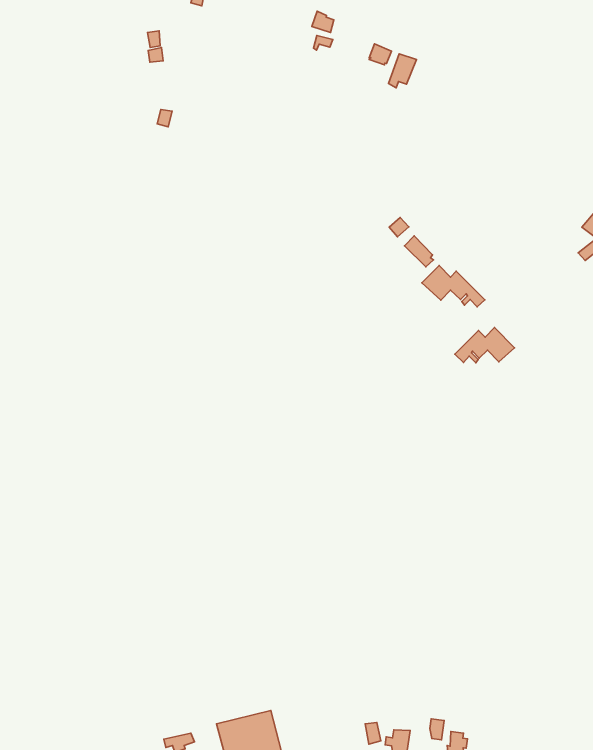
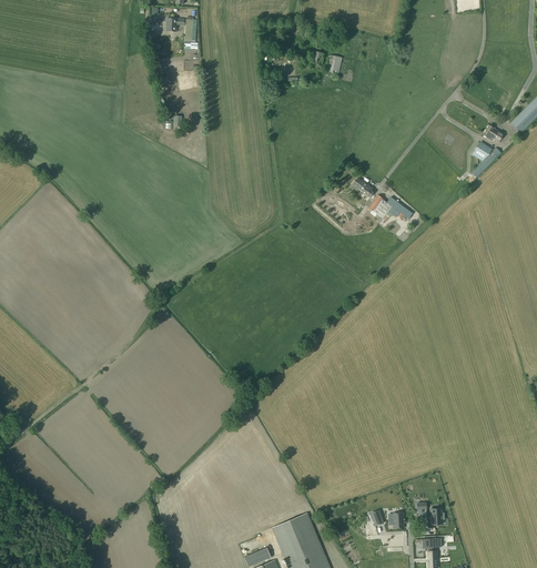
building: [455,328,515,363] -> none

